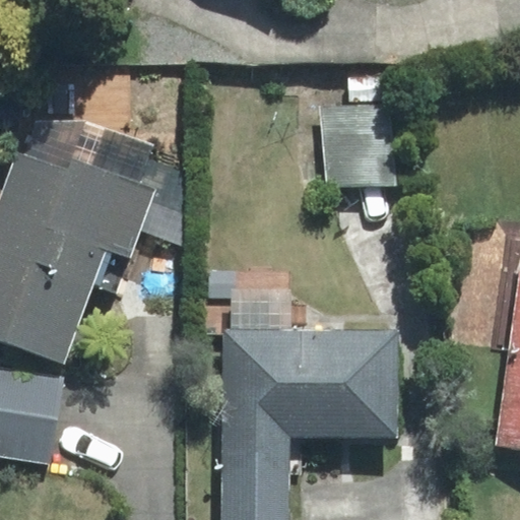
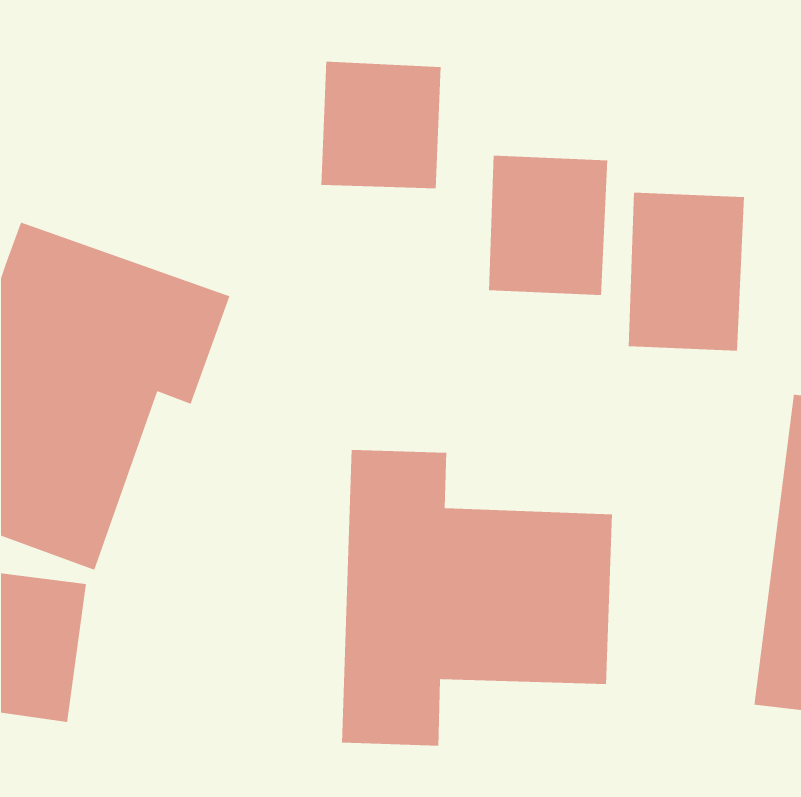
building: none -> [320,61,441,189]
building: none -> [628,192,745,351]

